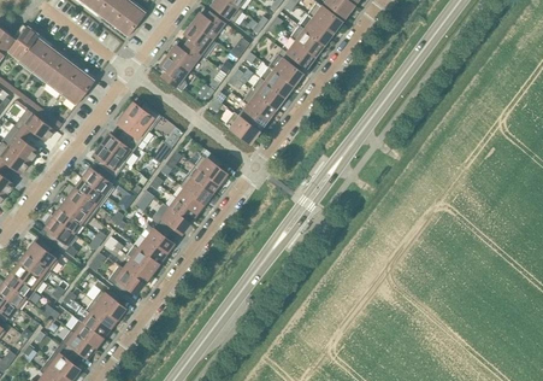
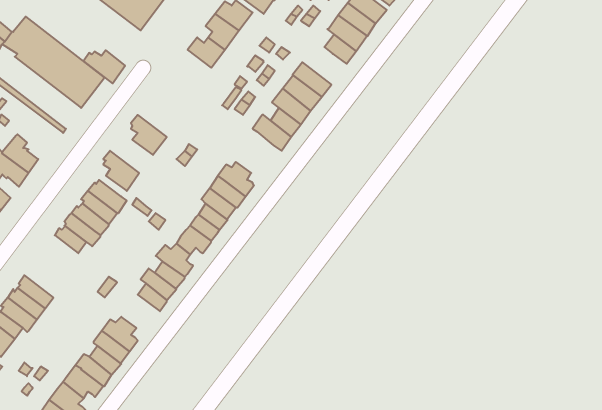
building: [267,48,301,86] -> none
building: [159,55,188,92] -> none
building: [124,102,160,131] -> [84,50,125,83]
building: [13,109,54,142] -> none
building: [100,134,137,163] -> none
building: [43,217,77,252] -> none
building: [25,239,59,271] -> none
building: [107,265,143,294] -> none

